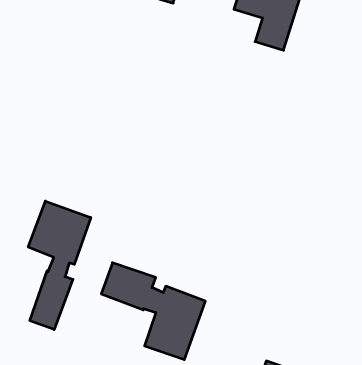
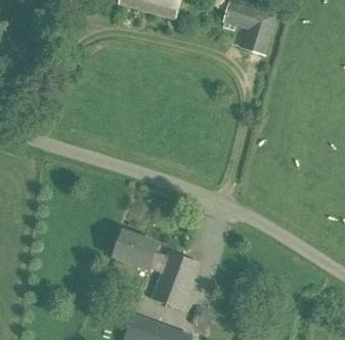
building: [28,201,91,330] -> none

